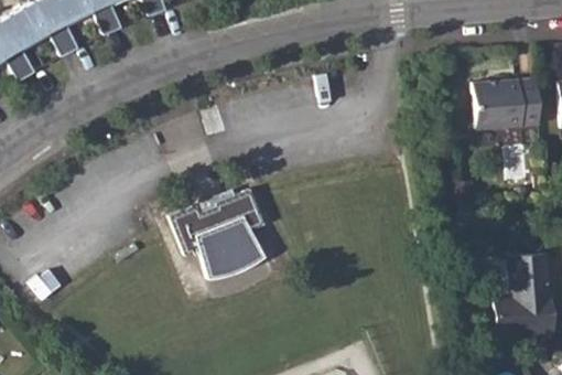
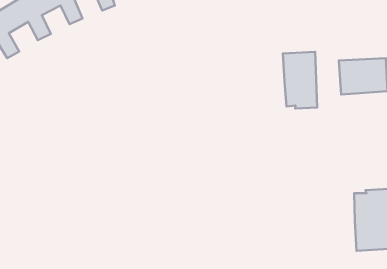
building: none -> [283,52,317,109]
building: [173,186,266,277] -> none

